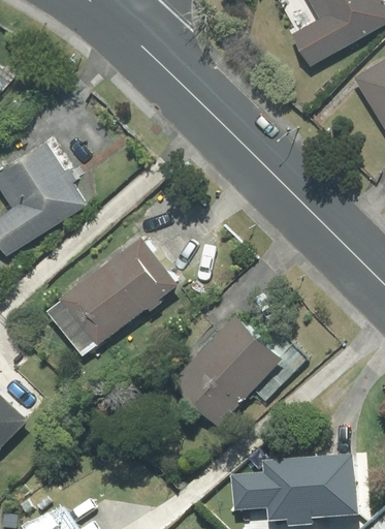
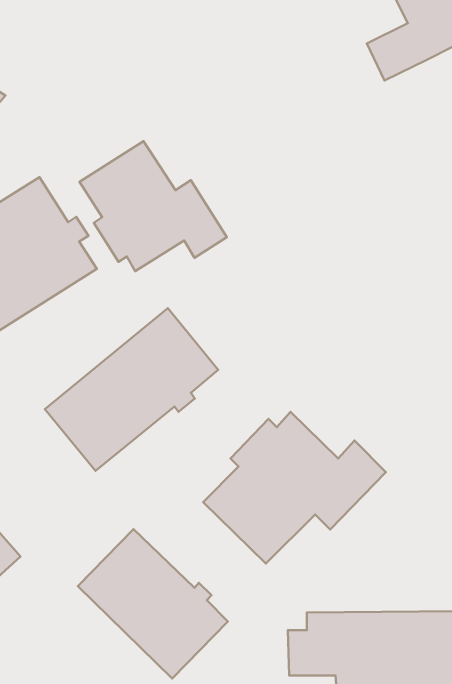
building: none -> [79,141,227,271]
building: none -> [78,529,228,678]

